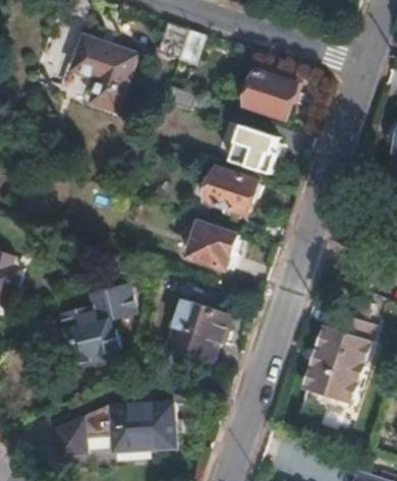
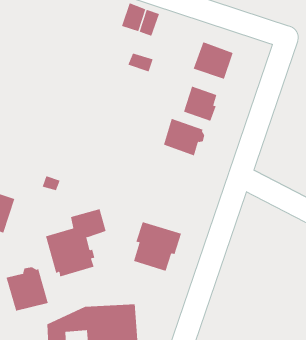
building: [73,39,134,111] -> none
building: [190,221,240,267] -> none
building: [305,311,374,403] -> none
building: none -> [6,266,49,312]

